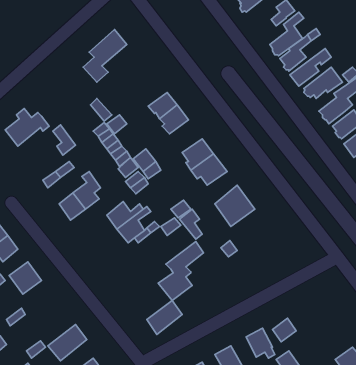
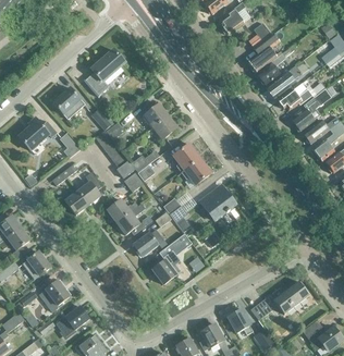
building: none -> [52,87,84,119]
building: none -> [39,279,70,311]
building: none -> [269,282,309,315]
building: [147,301,182,334] -> [133,228,163,257]

